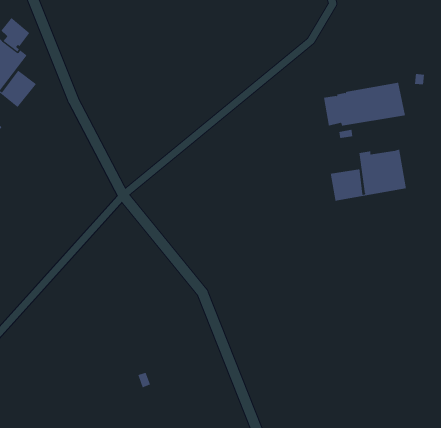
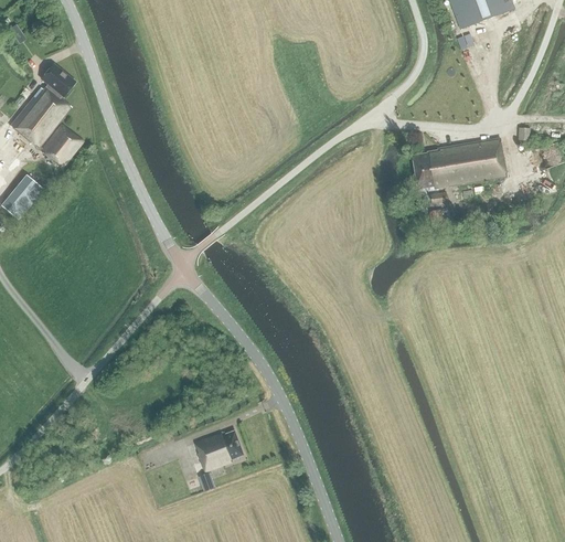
building: [330,149,407,202] -> none
building: none -> [195,431,243,470]

